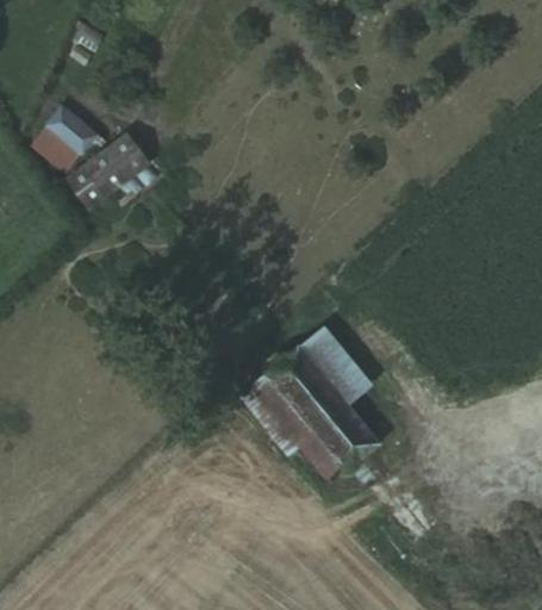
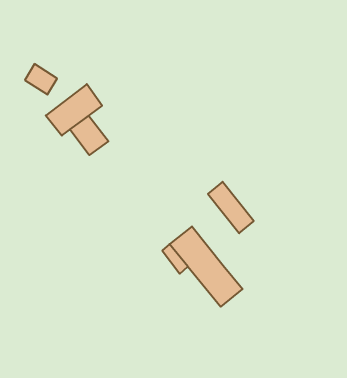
building: none -> [70,116,108,155]
building: [288,332,356,409] -> [208,182,254,233]

